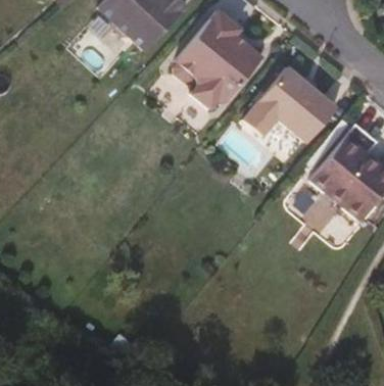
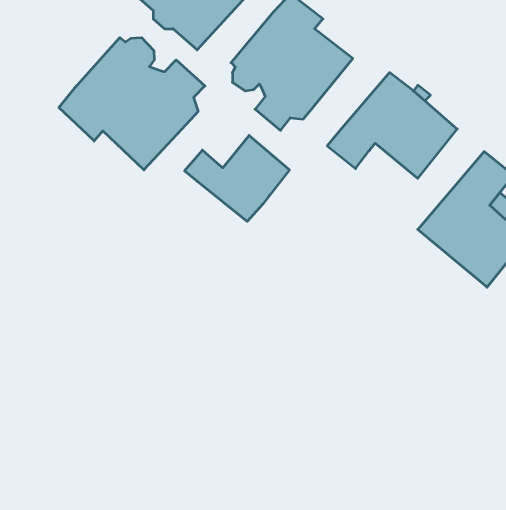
building: none -> [59,38,205,170]
building: none -> [185,135,289,221]

